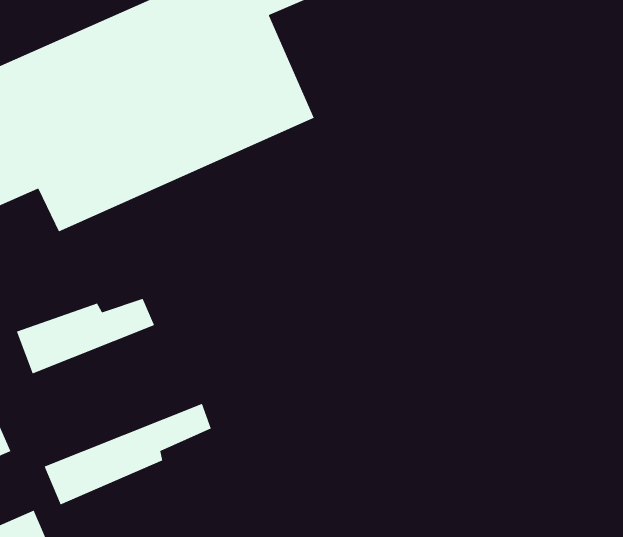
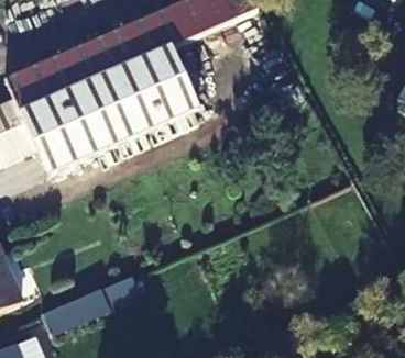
building: [16,298,155,375] -> none

